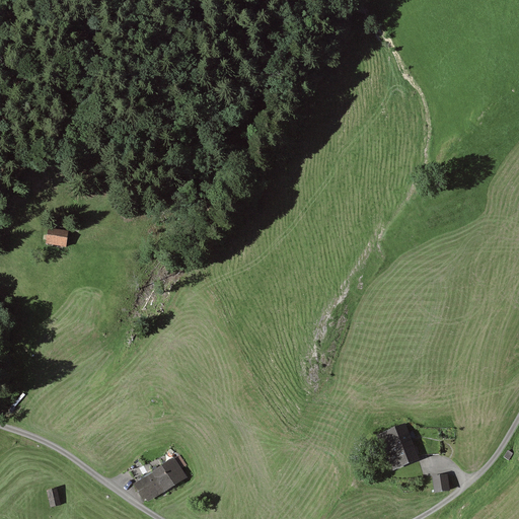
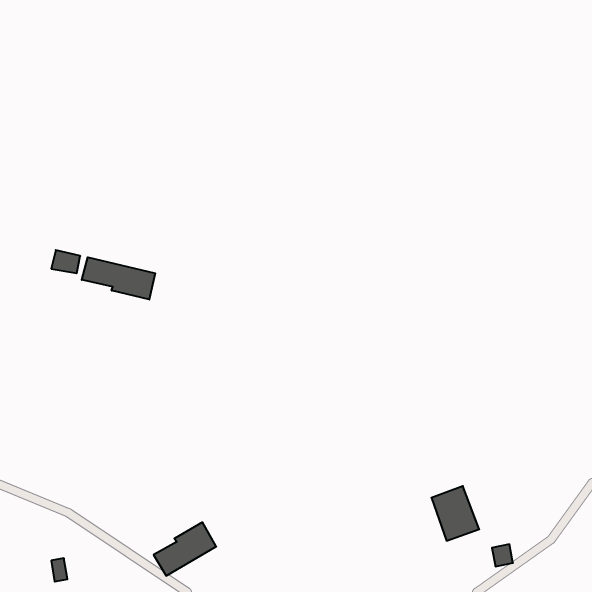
building: none -> [82,257,155,300]

